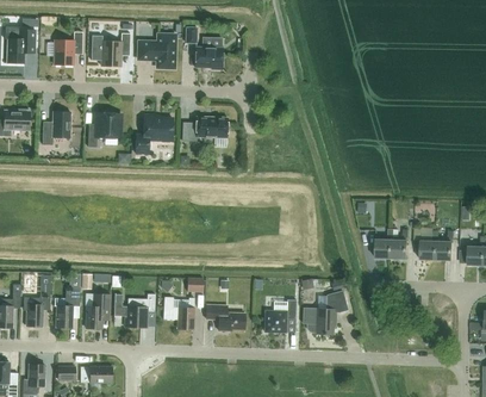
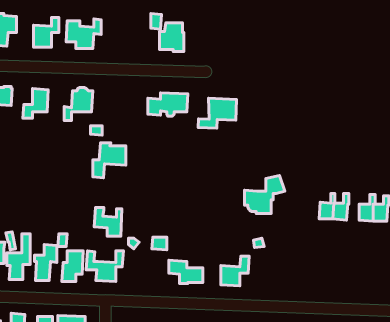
building: [138,33,175,68] -> none
building: [136,114,173,154] -> [93,143,126,178]
building: none -> [198,98,237,128]
building: [303,291,348,334] -> [245,175,285,214]
building: [163,297,194,329] -> [94,208,122,236]

